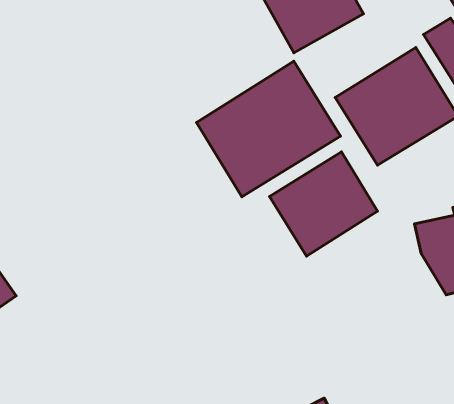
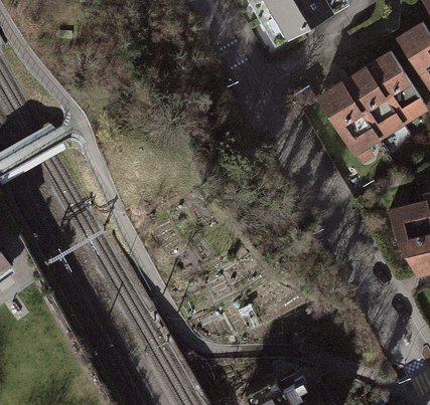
building: [197,61,340,197] -> none
building: [269,152,378,256] -> none

